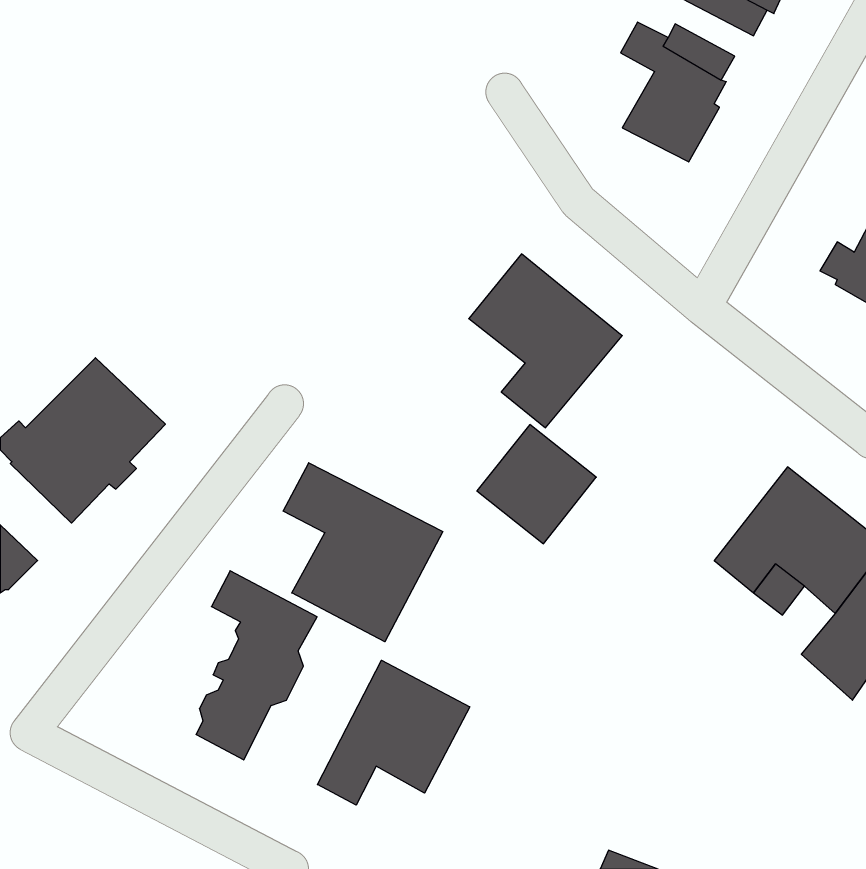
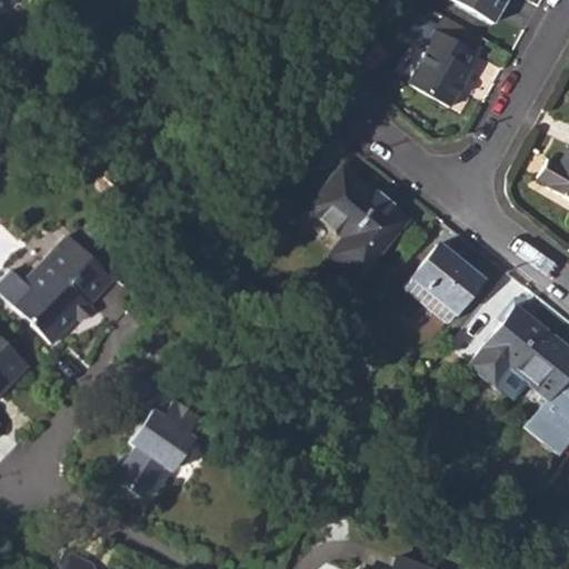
building: [477,425,596,544] -> [405,244,482,322]
building: [283,463,443,642] -> none
building: [317,660,470,805] -> none

